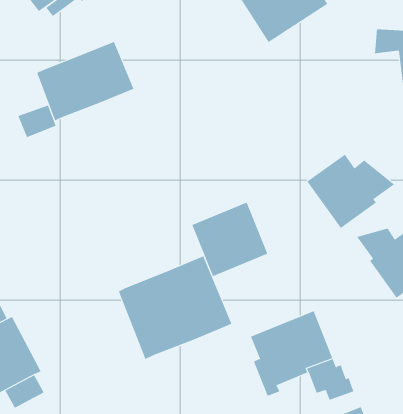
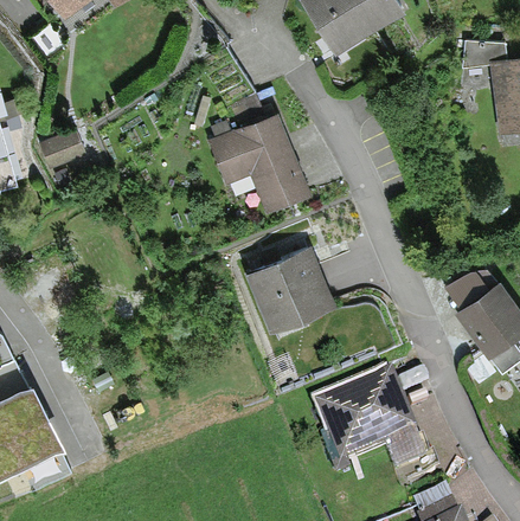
building: [37,41,134,121] -> none
building: none -> [206,111,312,213]
building: [307,154,395,229] -> none
building: [118,255,232,360] -> none

